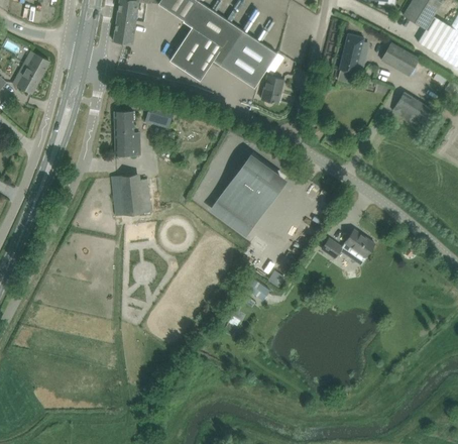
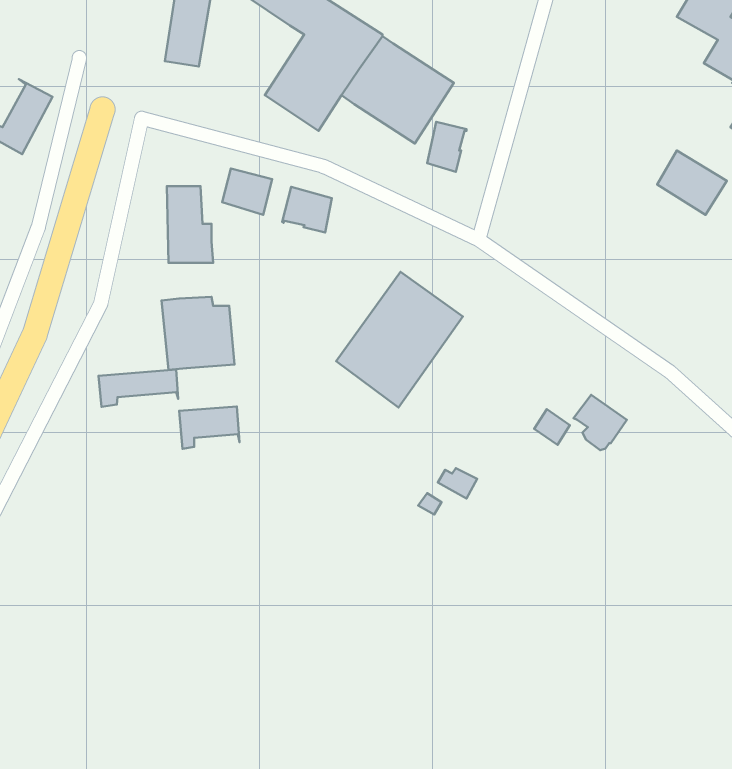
building: [337,33,364,83] -> none
building: [380,42,419,76] -> none
building: none -> [282,187,332,232]
building: none -> [99,369,178,407]
building: none -> [179,407,240,449]

